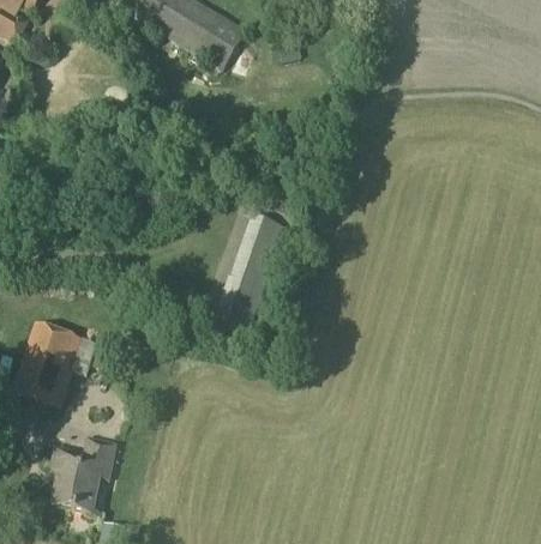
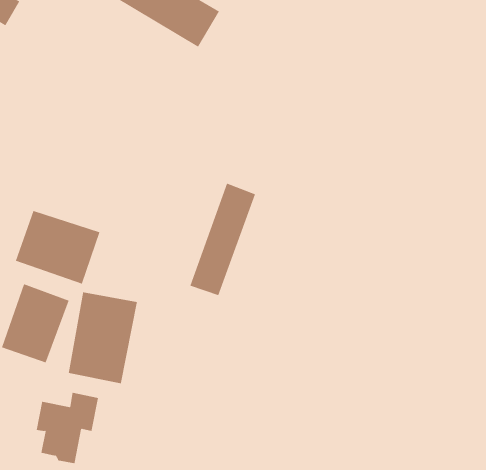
building: none -> [15,210,100,285]
building: none -> [68,291,138,384]

